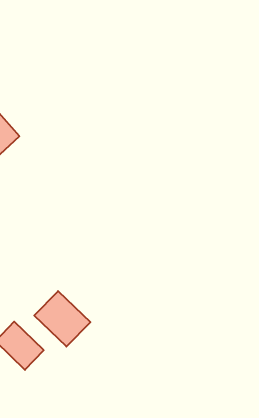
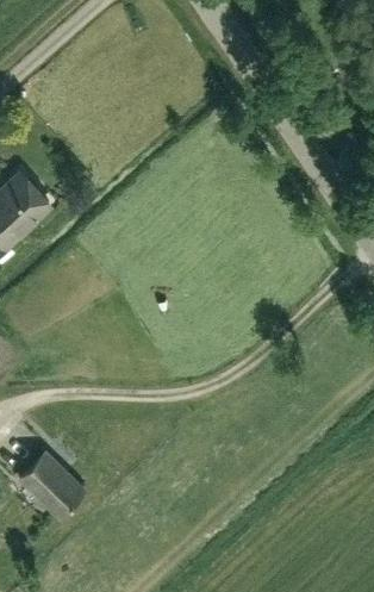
building: [34,291,90,347] -> none

